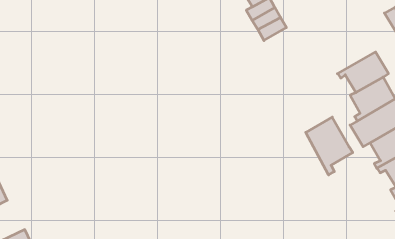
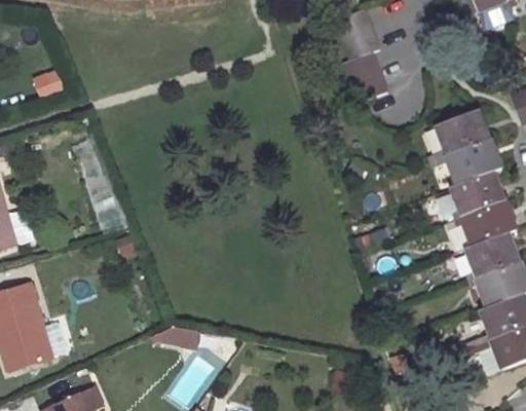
building: none -> [437,110,491,158]
building: [306,117,353,175] -> none

